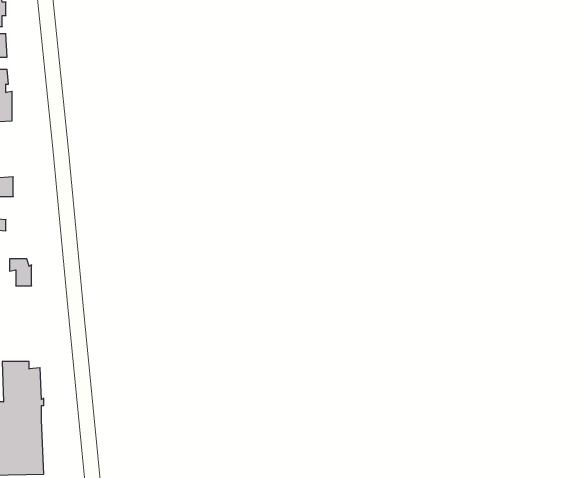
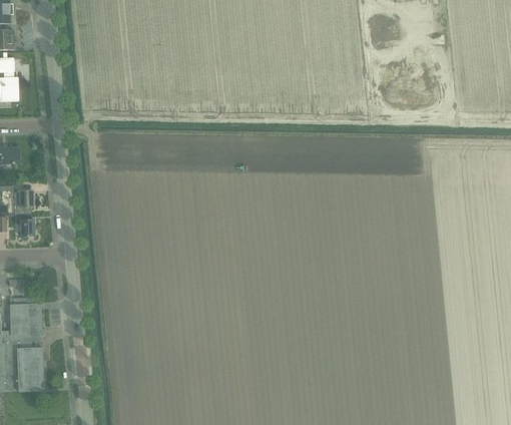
building: none -> [12,190,31,214]

